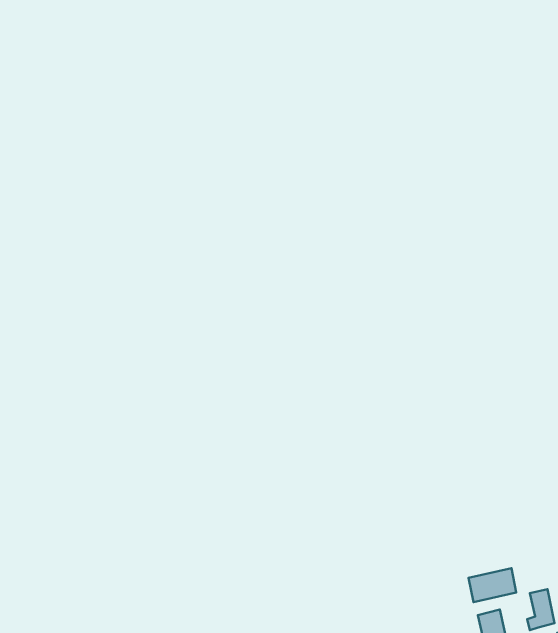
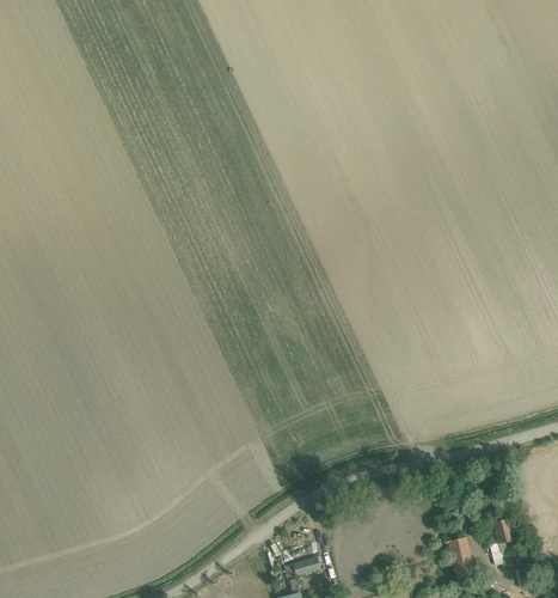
building: [468,568,516,602] -> none

